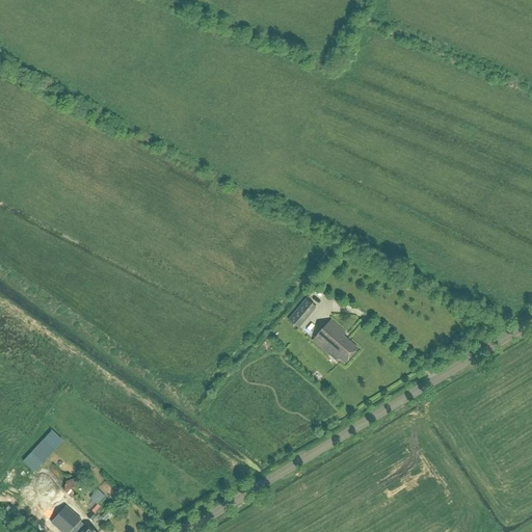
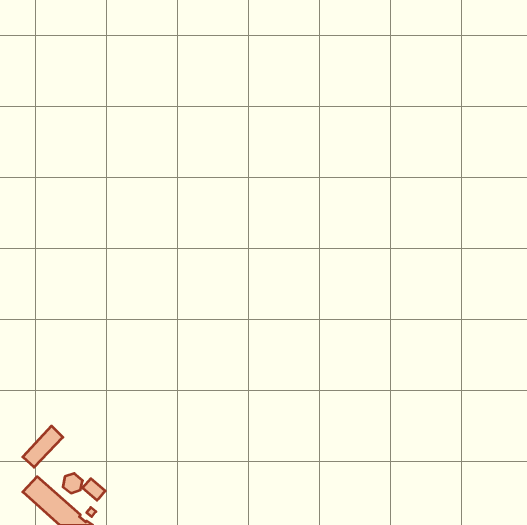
building: [288,297,316,327] -> none
building: [313,319,357,362] -> none

